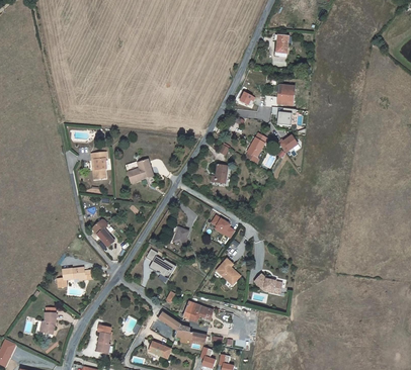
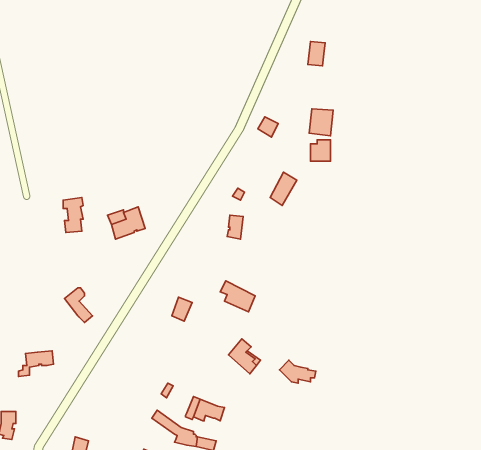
building: [146,248,175,277] -> none

